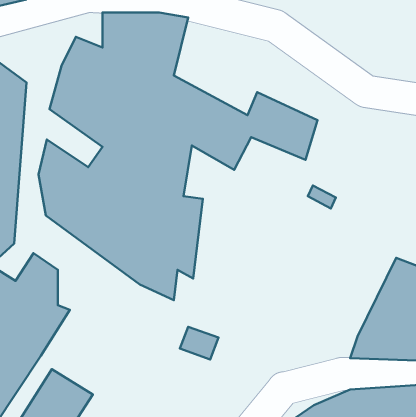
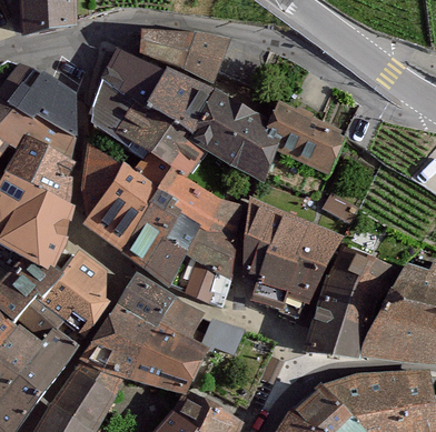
building: none -> [240,198,334,300]
building: none -> [307,249,394,352]
building: none -> [90,280,211,396]

